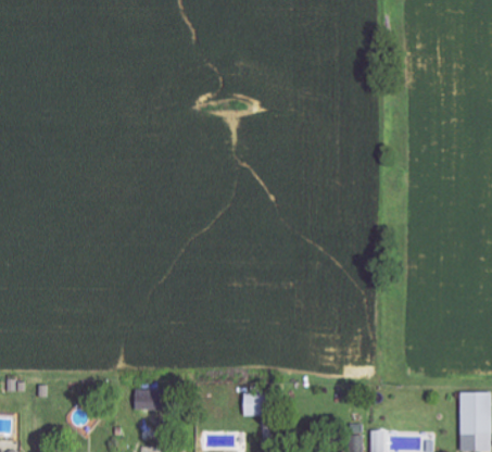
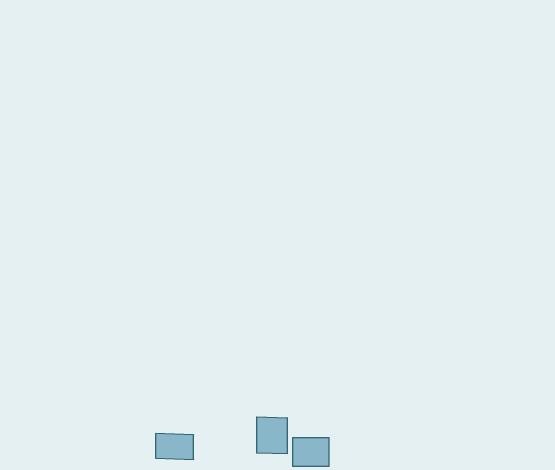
building: none -> [257,417,287,454]

